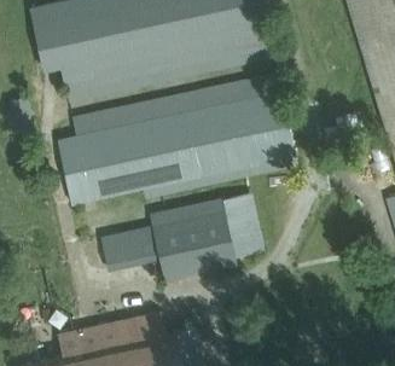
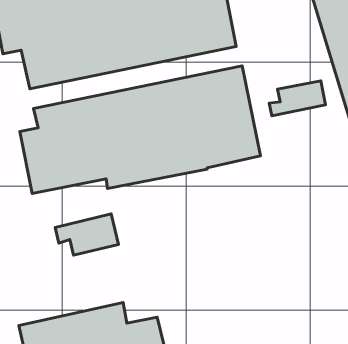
building: none -> [269,81,326,116]
building: [149,192,265,281] -> none

